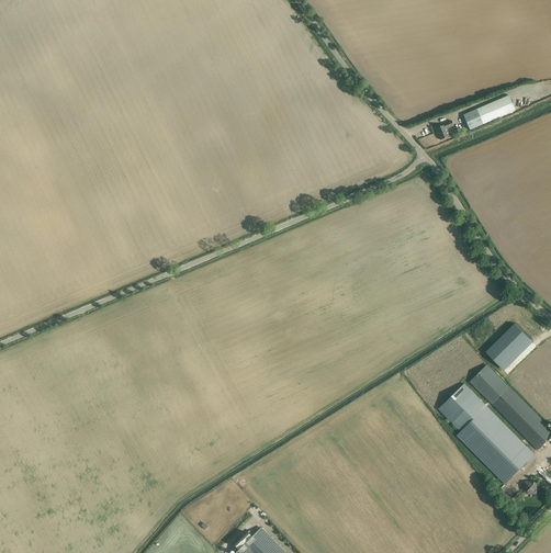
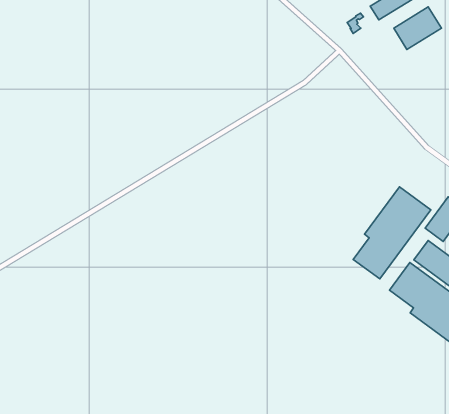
building: none -> [394,7,441,49]
building: none -> [353,187,431,279]

